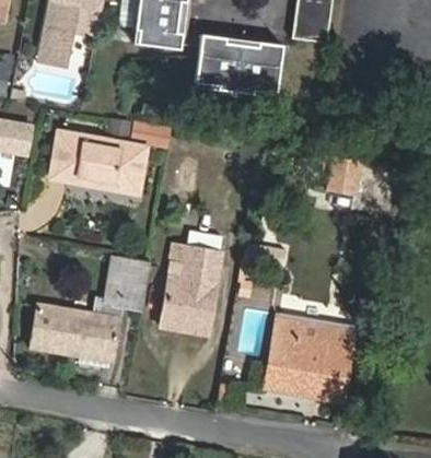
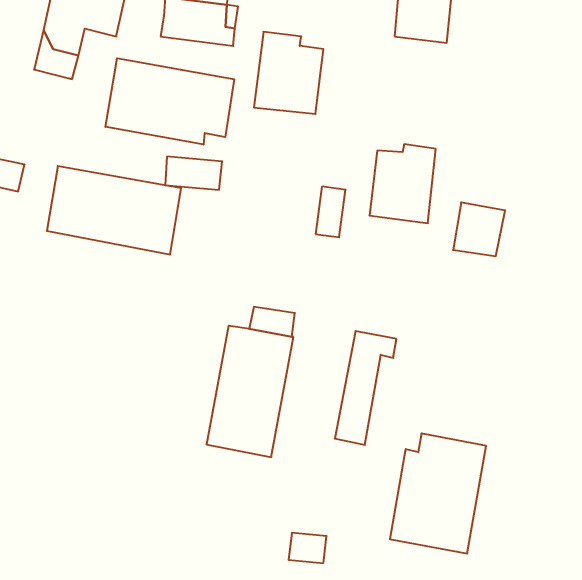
building: [236,45,282,99] -> [369,144,436,223]
building: none -> [105,58,234,145]
building: [32,255,152,360] -> none
building: [267,309,310,388] -> [335,331,396,445]

